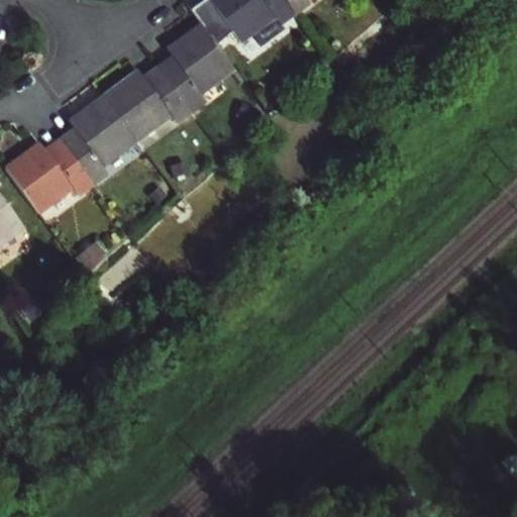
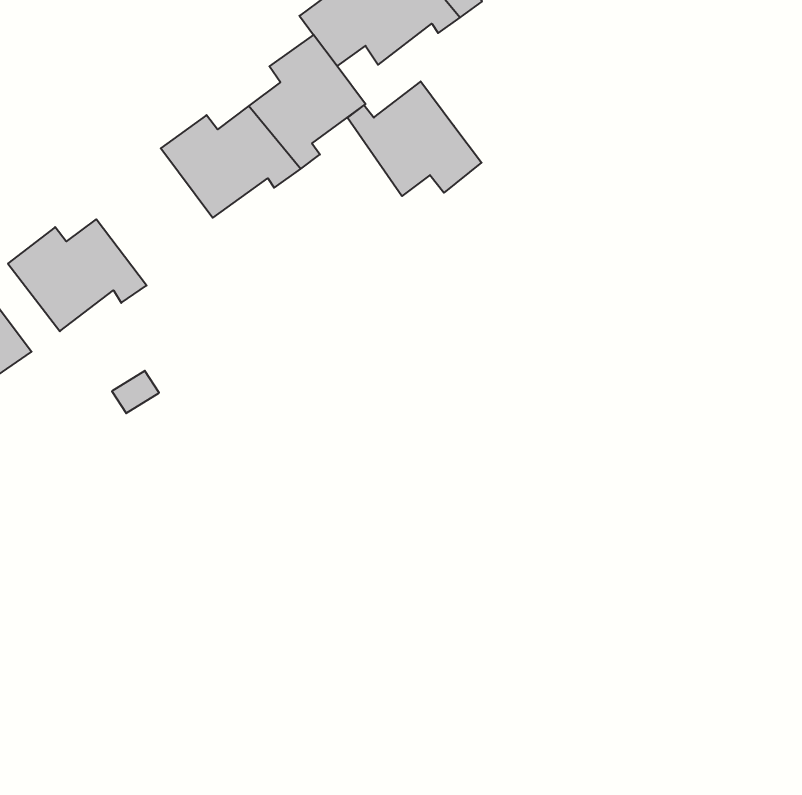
building: none -> [347,81,482,196]
building: [62,95,136,183] -> none

